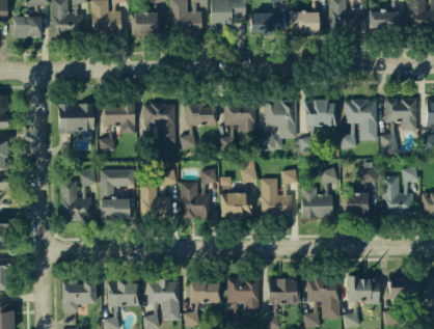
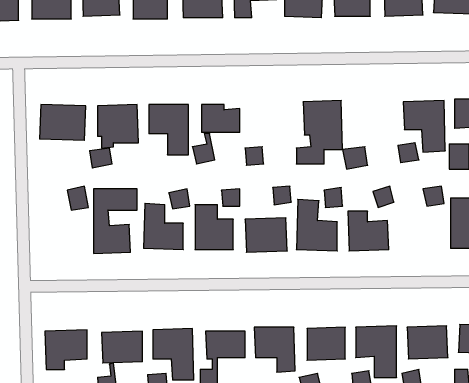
building: [304,101,335,127] -> none
building: [223,102,255,139] -> none
building: [59,181,91,220] -> none
building: [343,192,369,216] -> none

